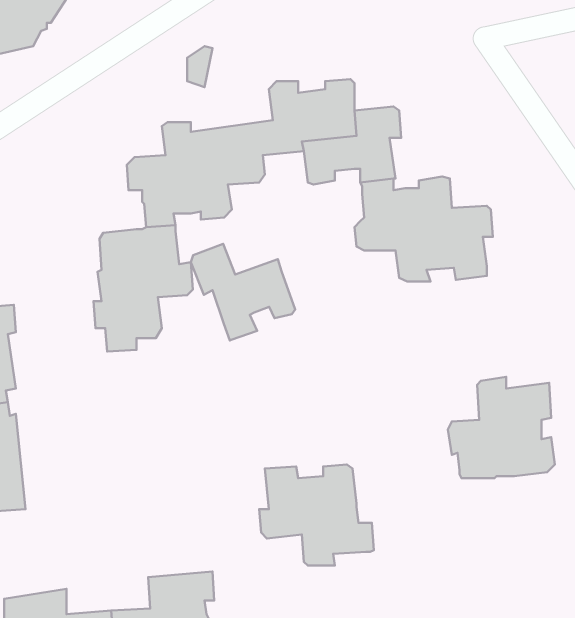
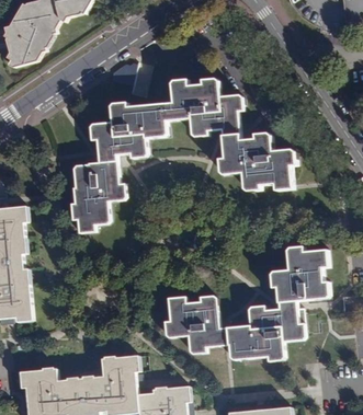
building: [191,244,295,341] -> none
building: none -> [227,302,307,361]

